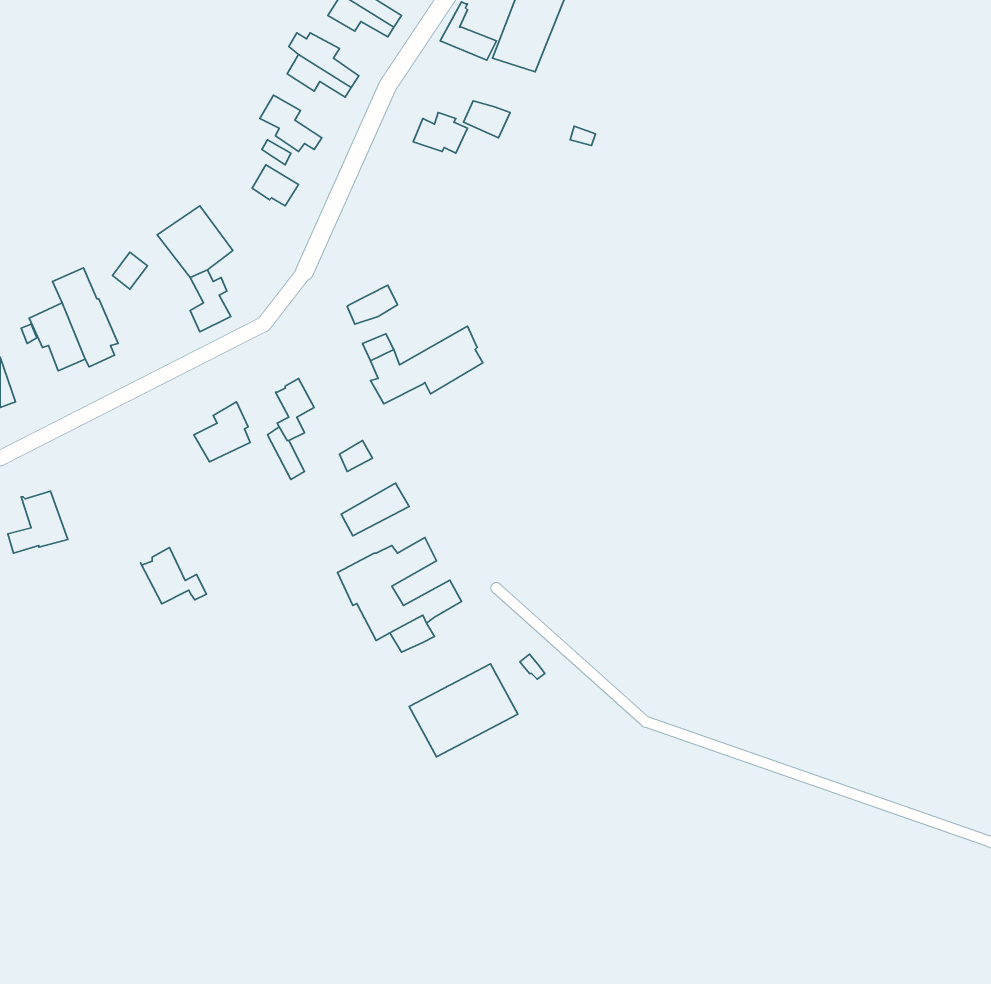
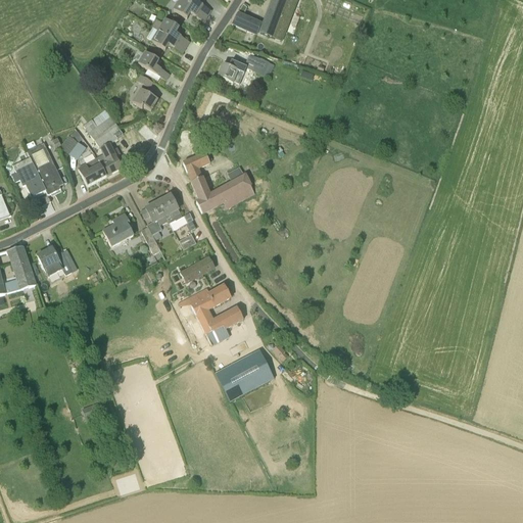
building: none -> [78,157,105,185]
building: none -> [157,193,187,228]
building: [140,547,206,604] -> [37,245,72,275]

